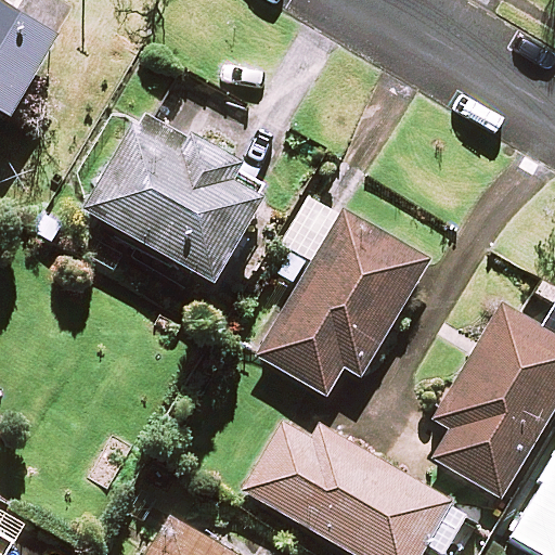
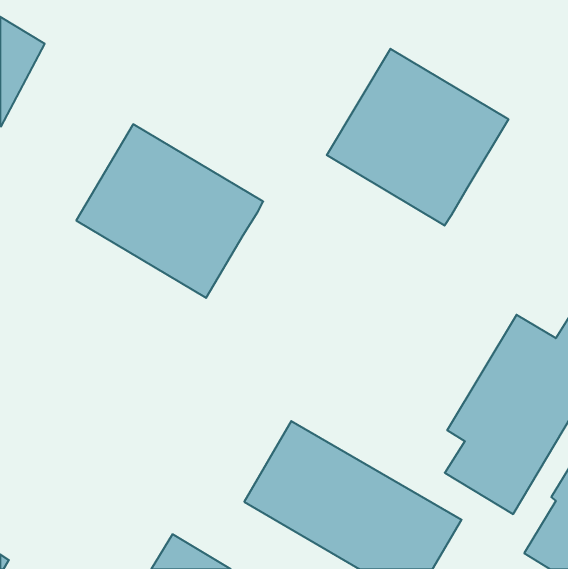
building: none -> [327,49,508,226]
building: [258,192,430,396] -> none

